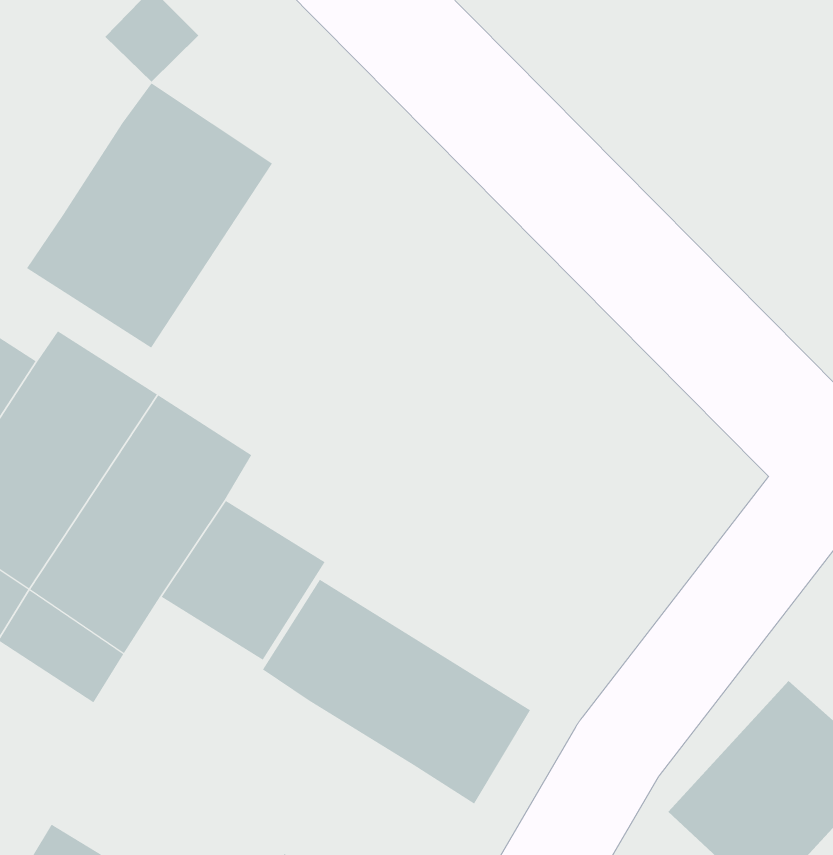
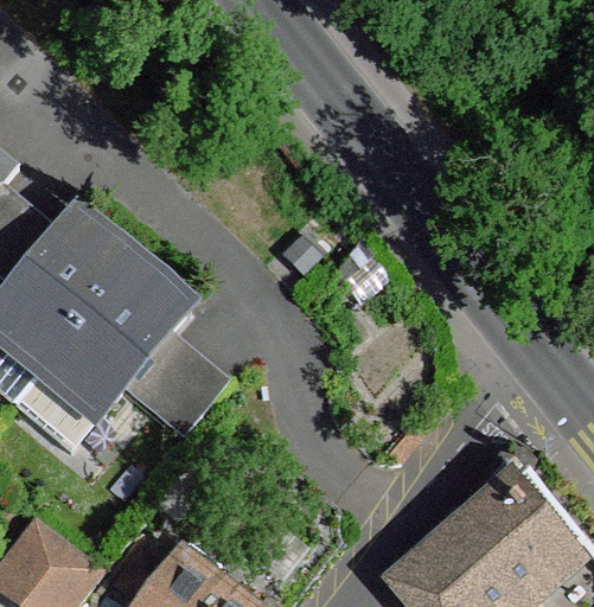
building: [26,83,273,348] -> none
building: [262,579,531,805] -> none

